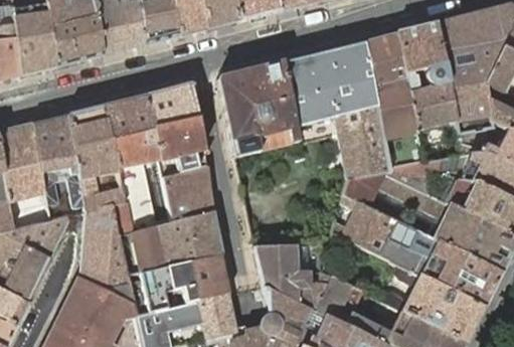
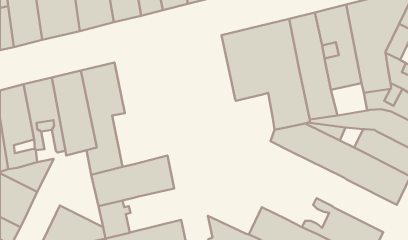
building: [218,60,298,157] -> none
building: [147,83,213,221] -> none
building: [330,193,500,307] -> none
building: [78,204,133,301] -> none
building: [254,243,331,310] -> none
building: [169,252,230,302] -> none

